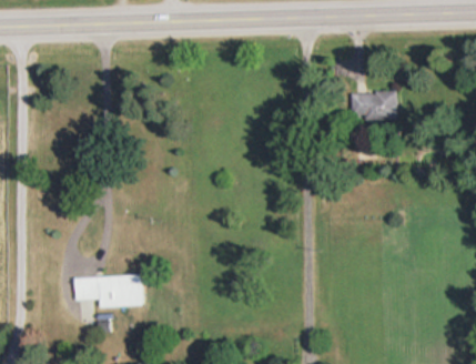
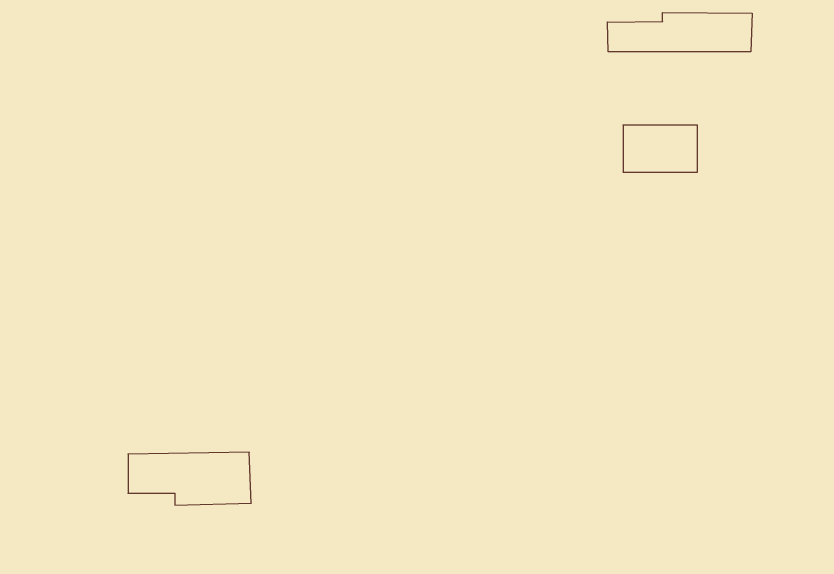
building: none -> [607,13,752,52]

